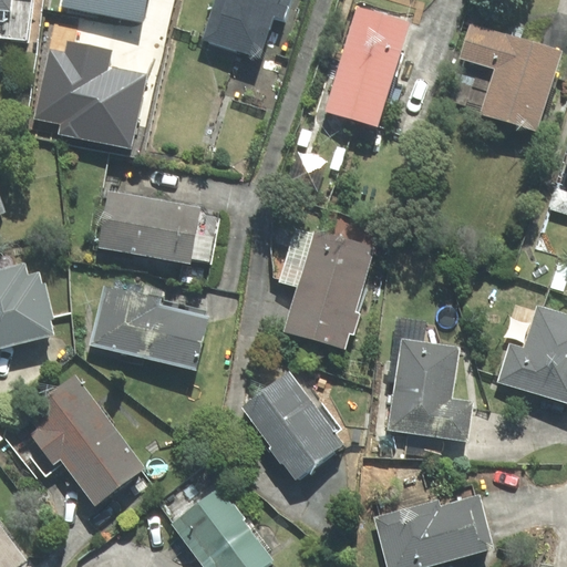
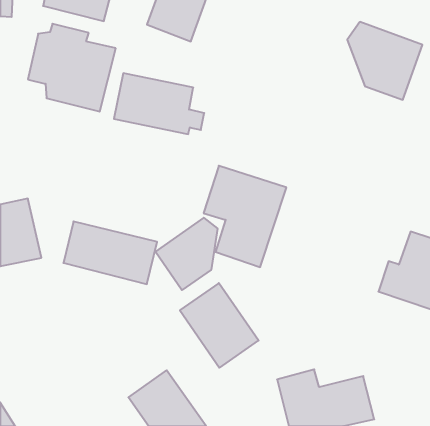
building: [324,9,410,131] -> none
building: [92,192,210,271] -> [114,73,204,134]
building: none -> [155,218,218,290]
building: [385,338,473,443] -> none
building: [21,369,146,506] -> none

